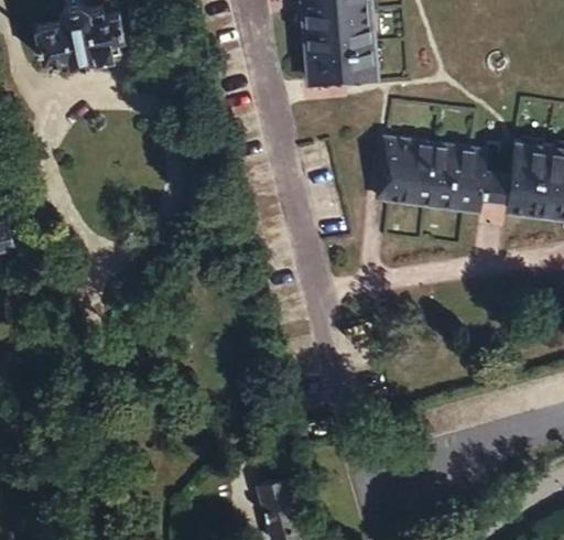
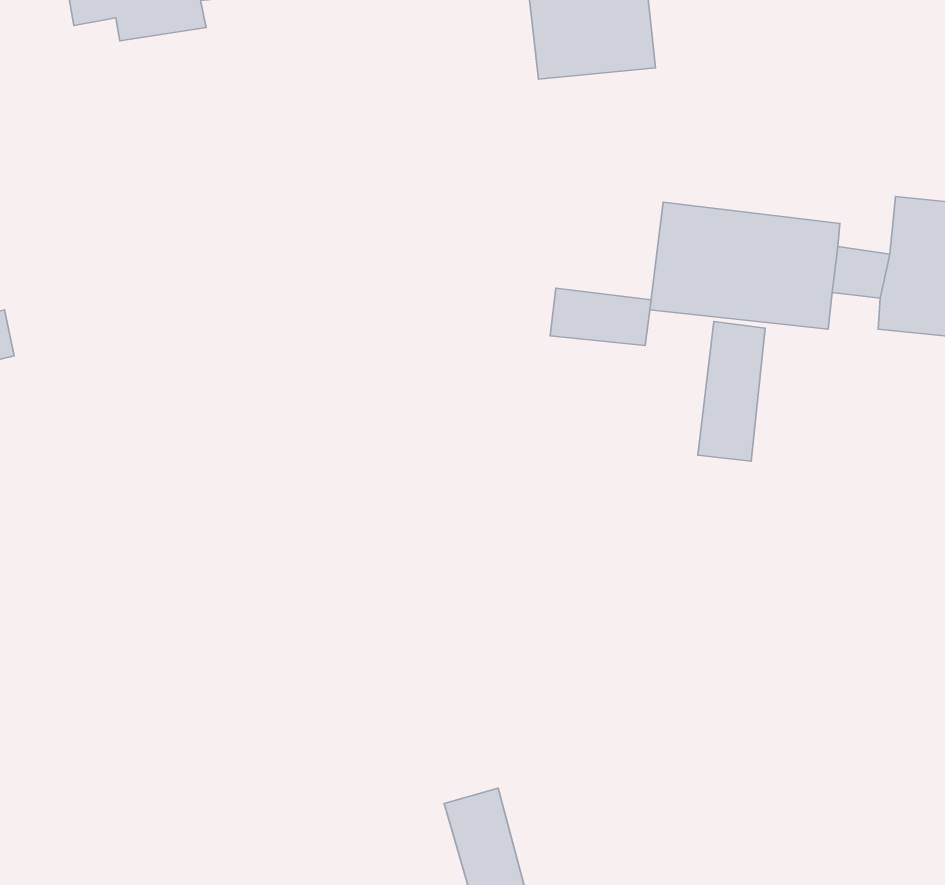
building: none -> [550,288,651,346]
building: none -> [698,322,765,461]

